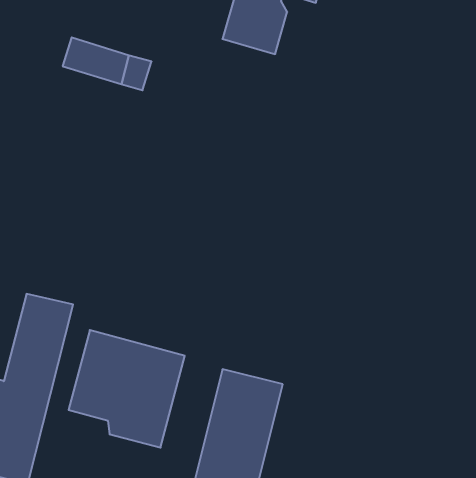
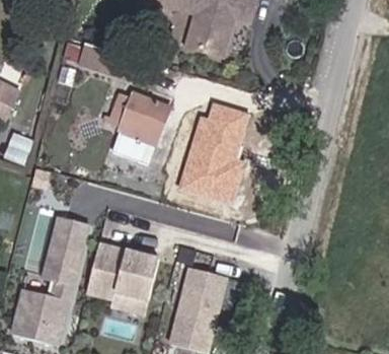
building: none -> [104,91,168,161]
building: none -> [173,99,247,206]

